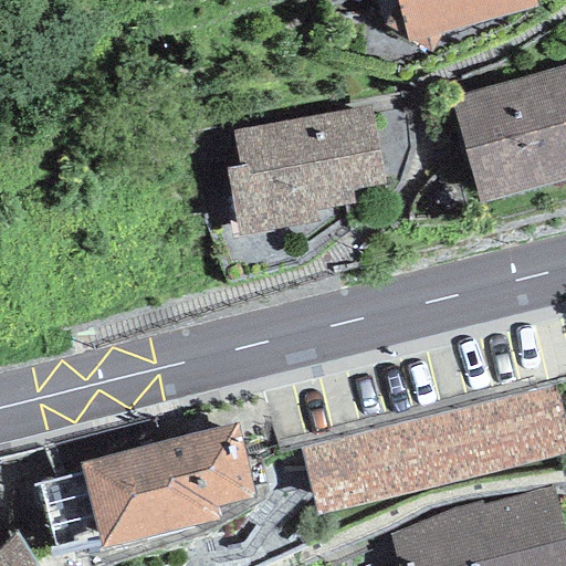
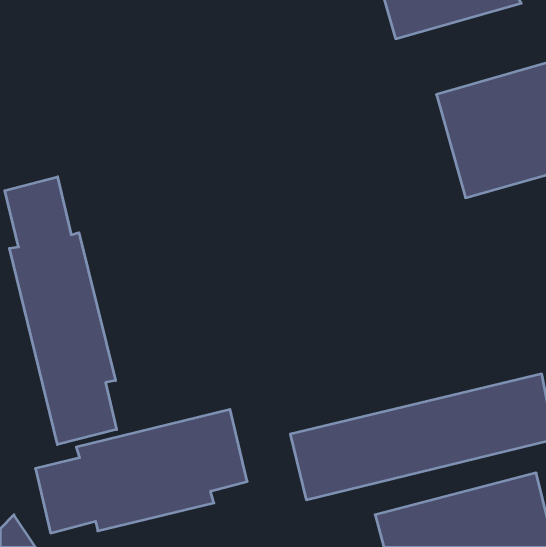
building: [227,104,387,237] -> none
building: none -> [5,177,117,445]

